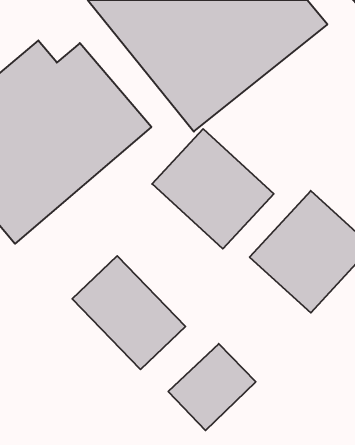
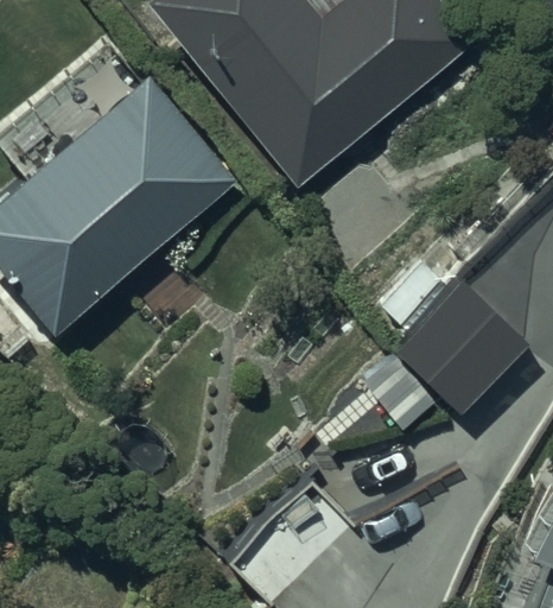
building: [152,129,274,249] -> none
building: [72,256,185,369] -> none

